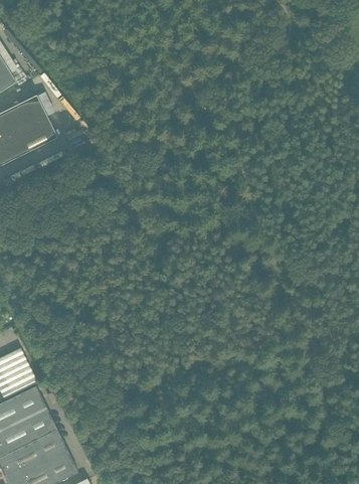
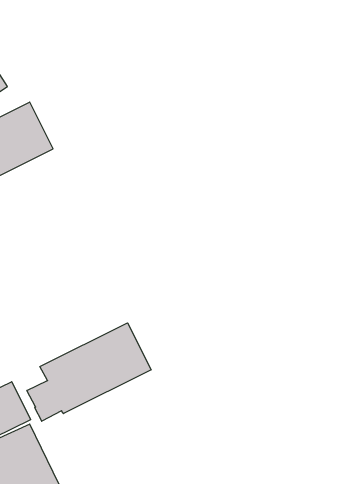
building: none -> [27,323,151,421]

